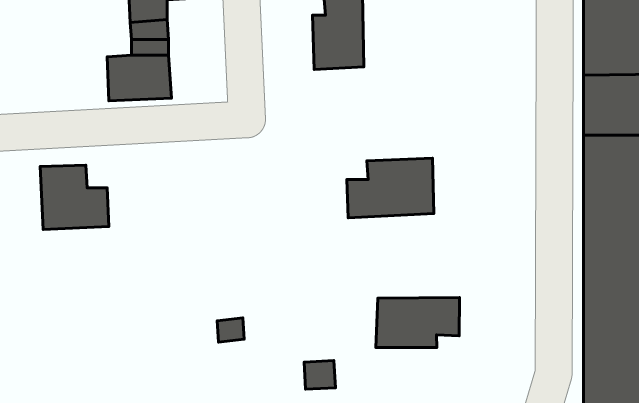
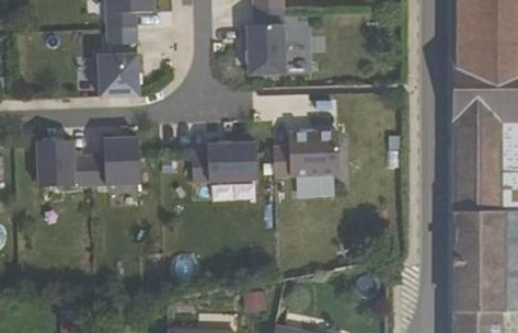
building: none -> [89,137,139,186]
building: none -> [191,141,248,182]
building: [376,298,460,348] -> none

